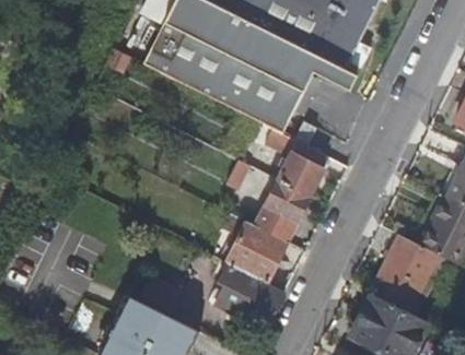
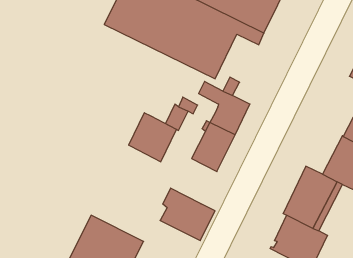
building: [226,222,287,283] -> [129,113,177,162]

